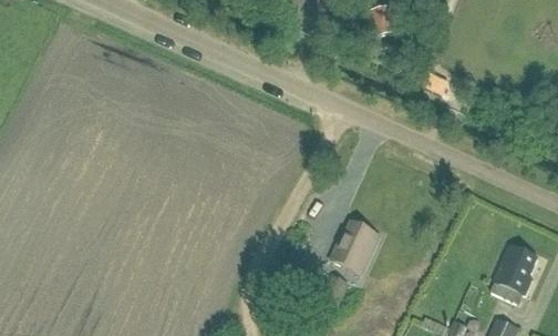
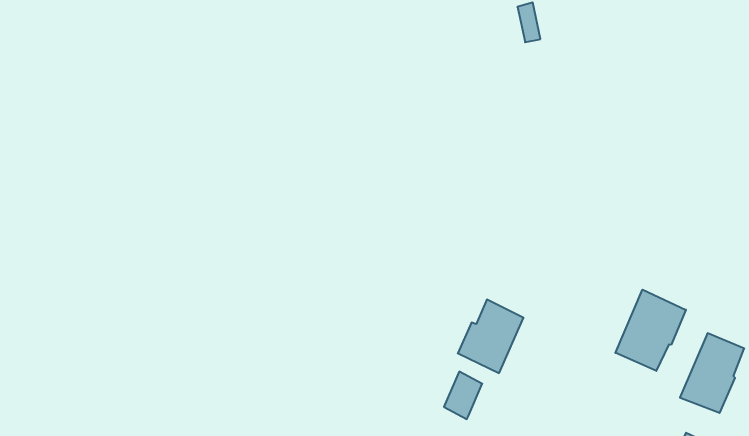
building: none -> [615,290,686,371]

